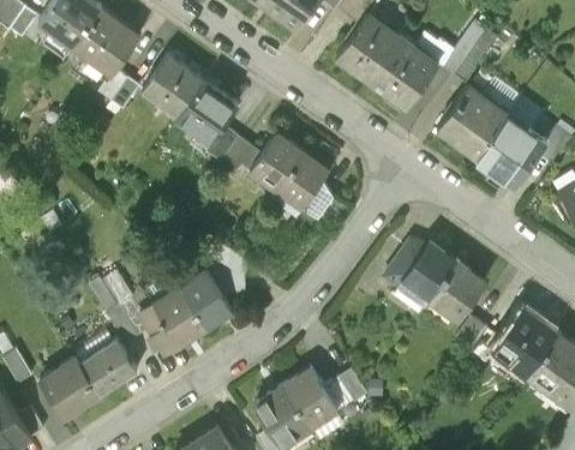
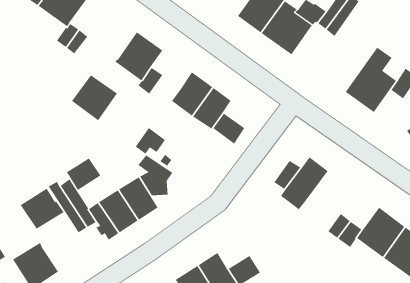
building: [142,53,203,114] -> [71,74,118,121]
building: [437,80,519,157] -> none
building: [220,136,260,172] -> [135,127,166,155]
building: none -> [66,158,101,191]
building: [427,262,484,320] -> none
building: [79,338,138,394] -> [20,188,65,230]

